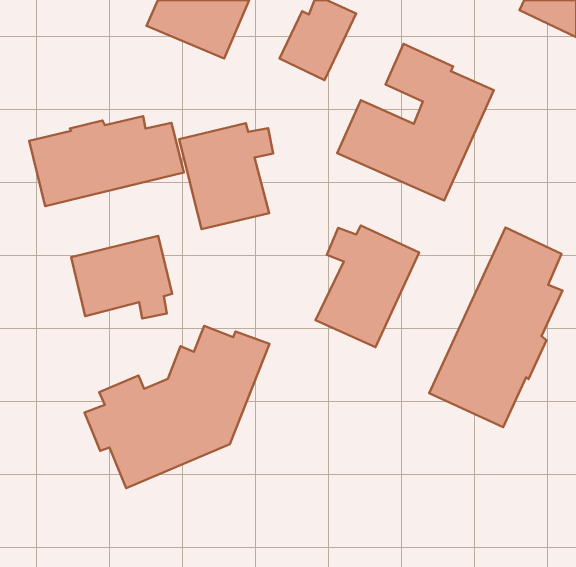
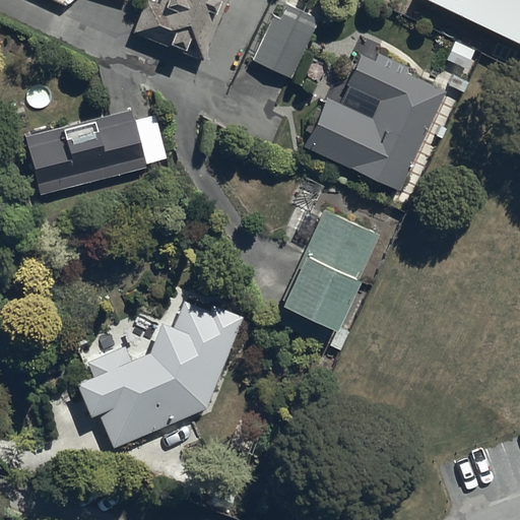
building: [179,123,273,229] -> none
building: [429,228,562,427] -> none
building: [71,236,172,319] -> none

